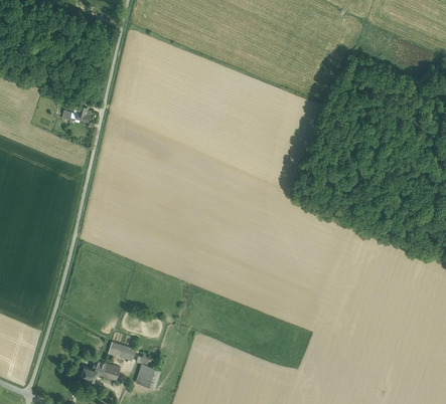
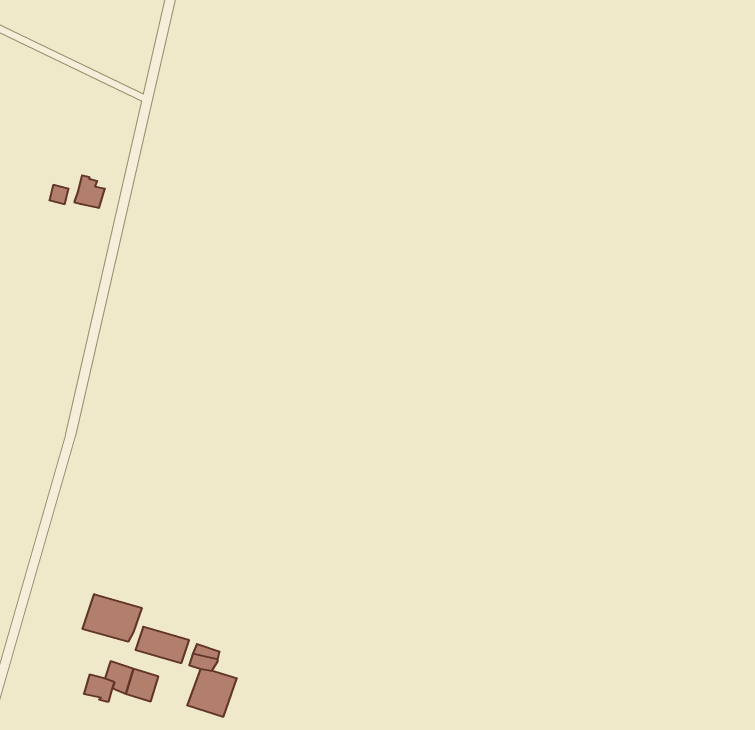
building: none -> [83,594,142,642]

